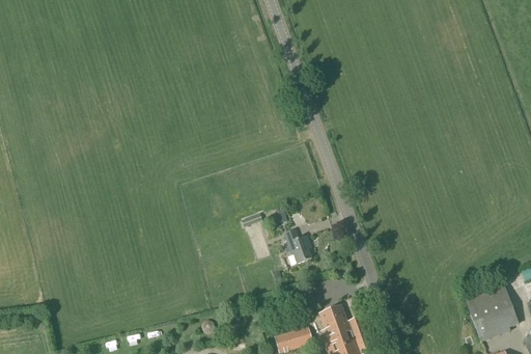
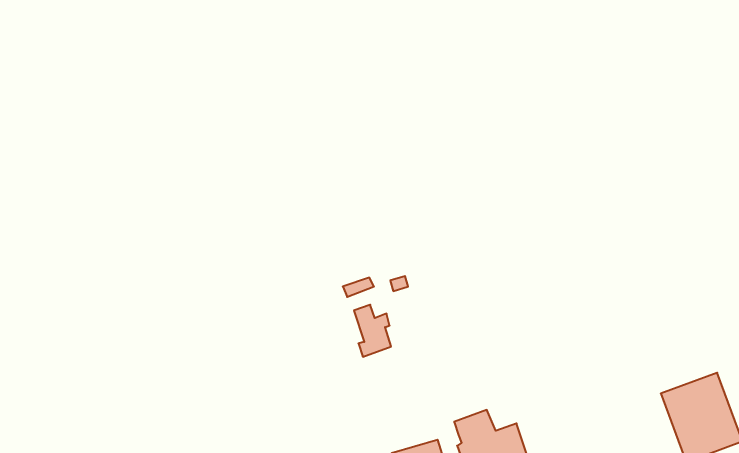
building: [284,227,310,264] -> [354,305,391,357]

